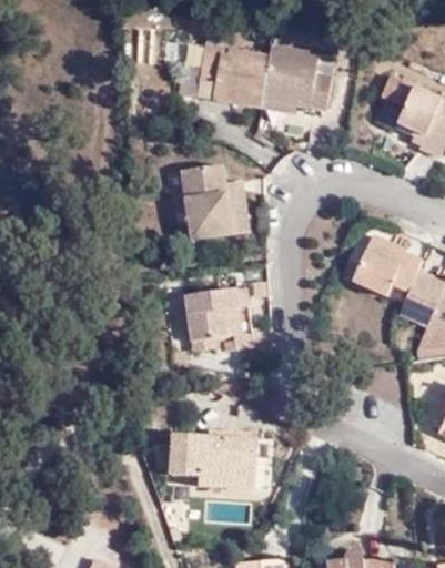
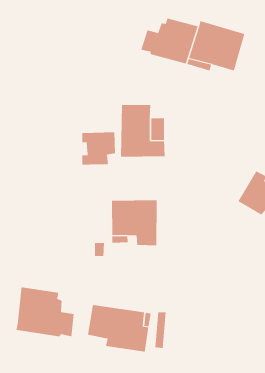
building: none -> [82,131,116,166]
building: none -> [16,286,74,337]

